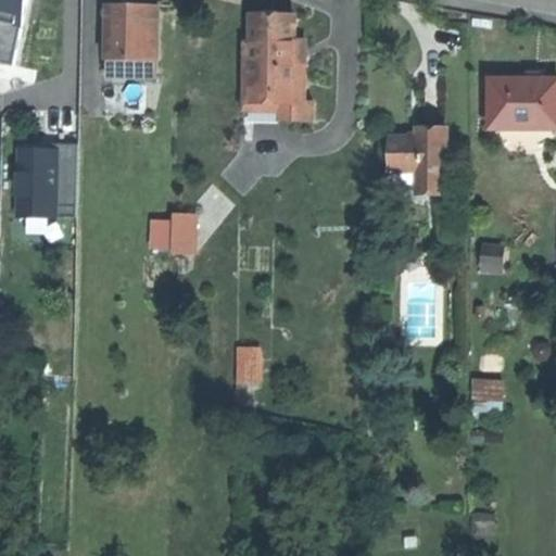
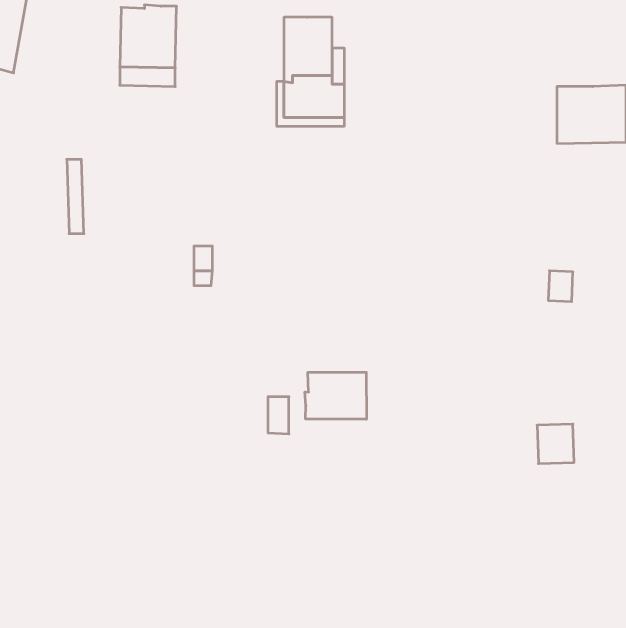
building: [387,128,445,191] -> none
building: [17,150,54,215] -> none
building: none -> [305,372,366,419]

